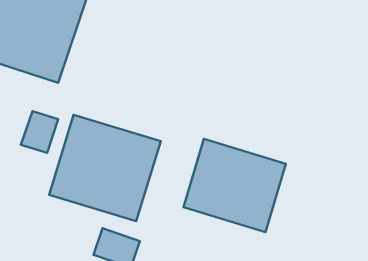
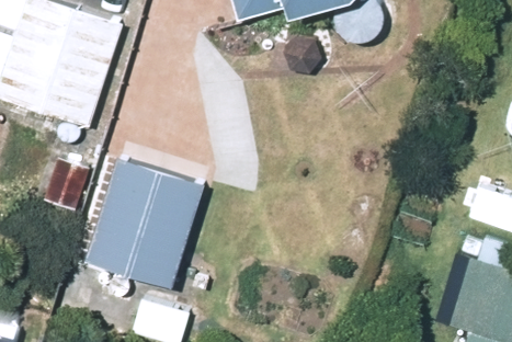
building: [184,139,286,232] -> none

